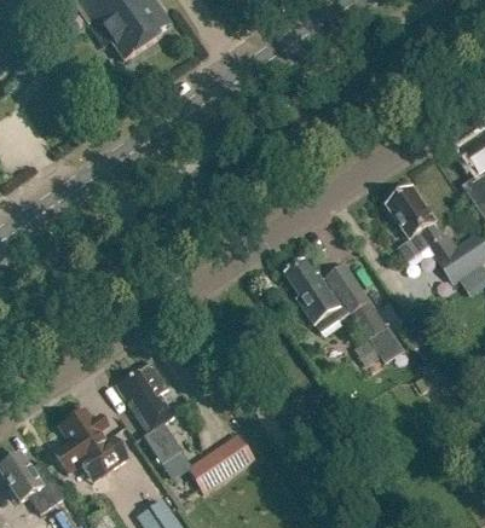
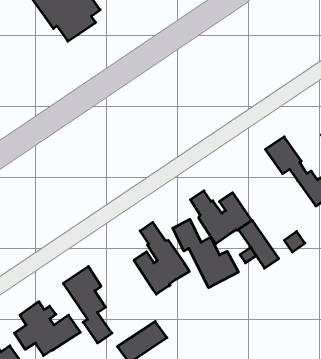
building: none -> [173,219,238,288]
building: none -> [134,222,189,294]

